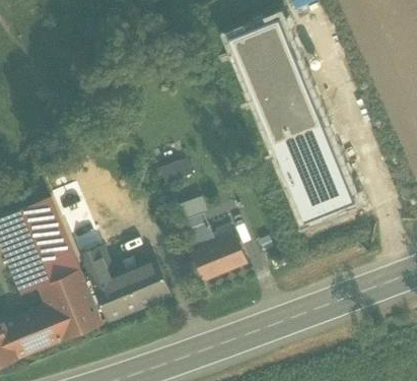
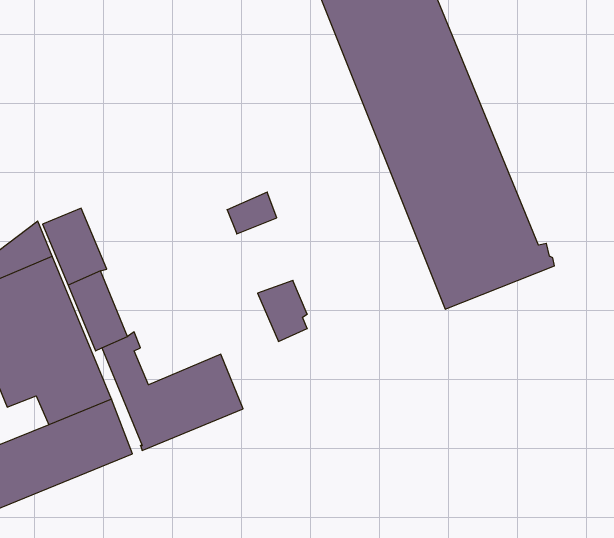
building: [192,236,245,280] -> none

